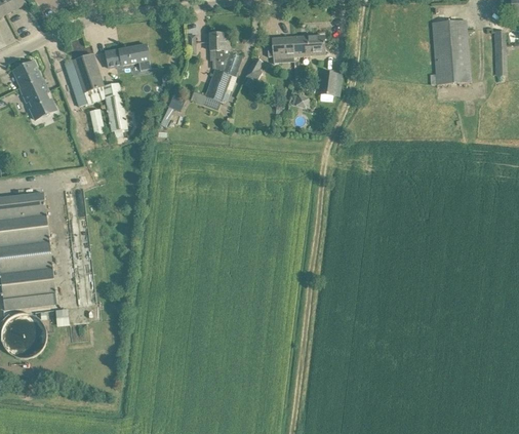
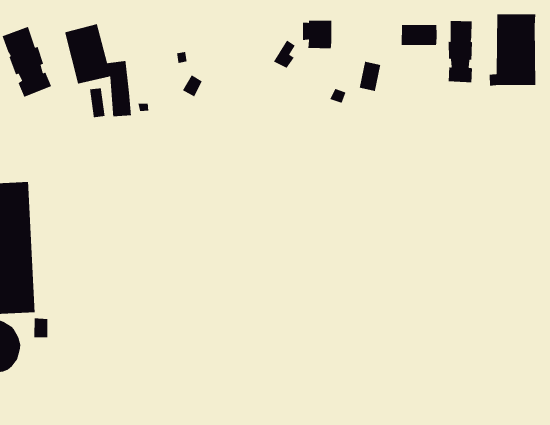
building: none -> [448,20,473,83]
building: [204,33,242,102] -> none
building: [292,35,324,55] -> [401,24,438,46]
building: [105,43,151,70] -> none

